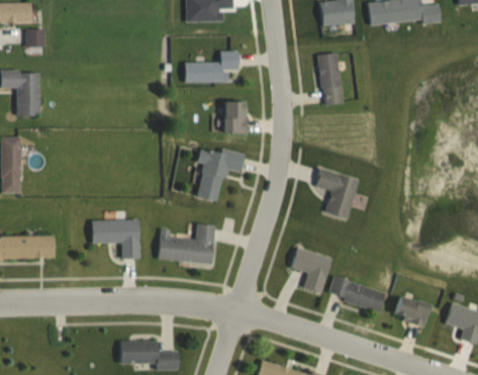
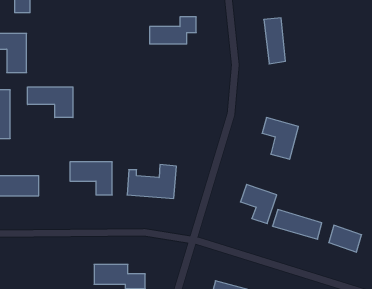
building: [224,101,247,132] -> none
building: none -> [28,87,73,118]
building: [197,146,246,201] -> none

